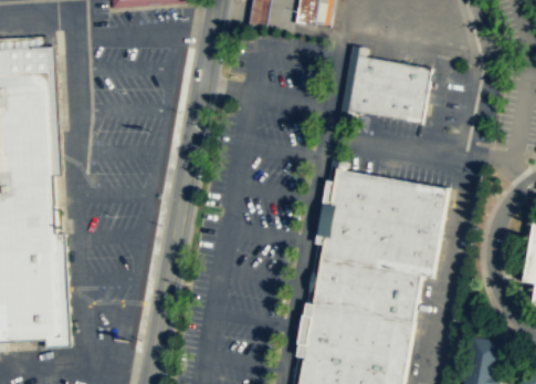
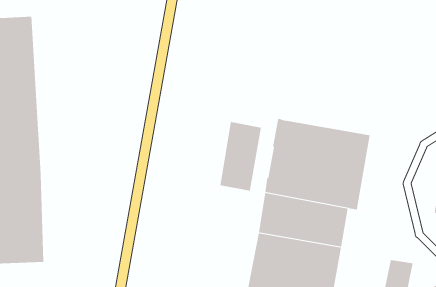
building: [350,55,432,124] -> none
building: none -> [220,121,262,192]

